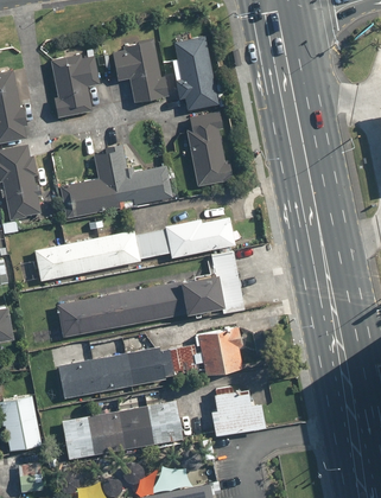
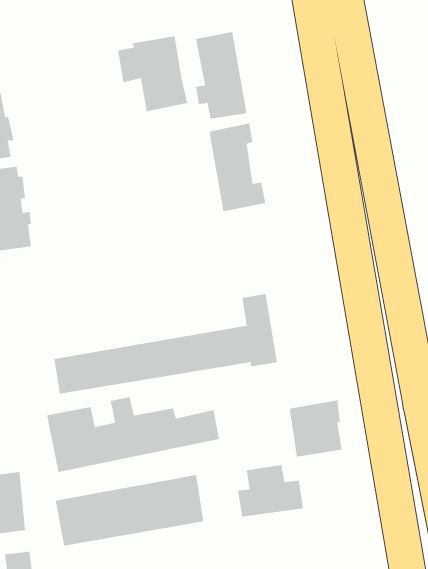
building: [52,53,100,117] -> none
building: [57,146,173,219] -> none
building: [36,219,234,281] -> none
building: [198,328,242,376] -> [289,400,342,458]

